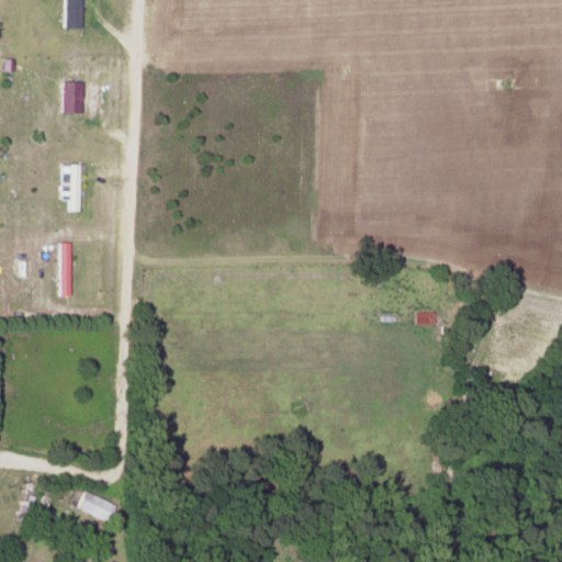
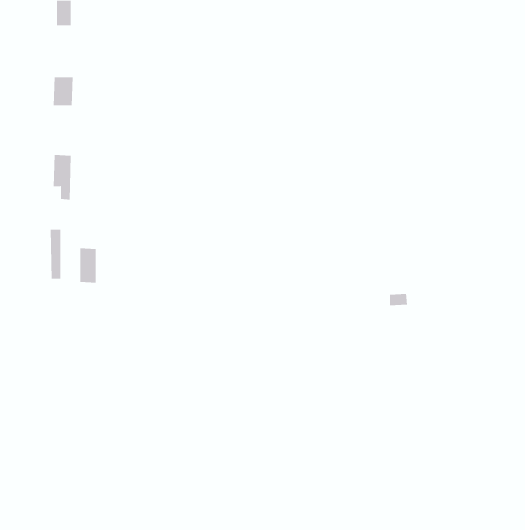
building: none -> [80,248,96,283]
building: [78,490,116,521] -> none

